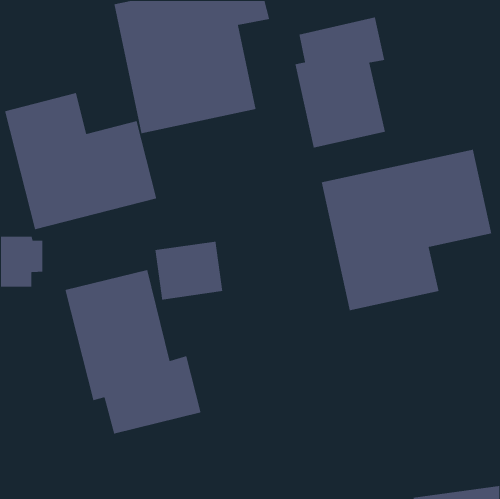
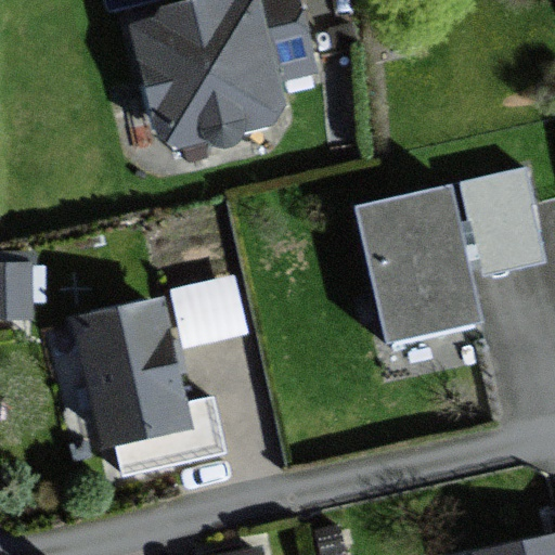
building: [295,17,386,149] -> none
building: [4,92,157,230] -> none

